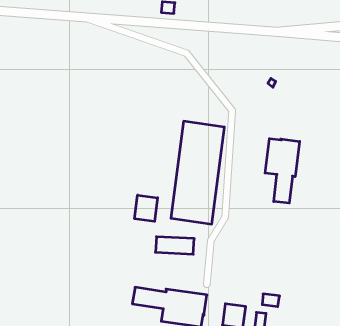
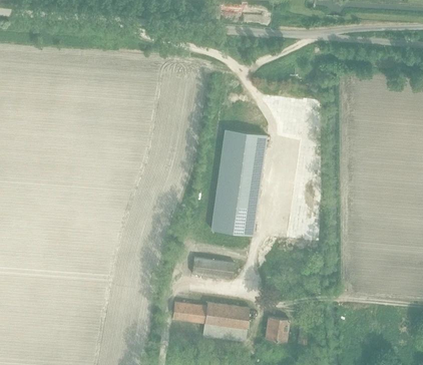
building: [265,139,300,203] -> none
building: [135,195,158,221] -> none

